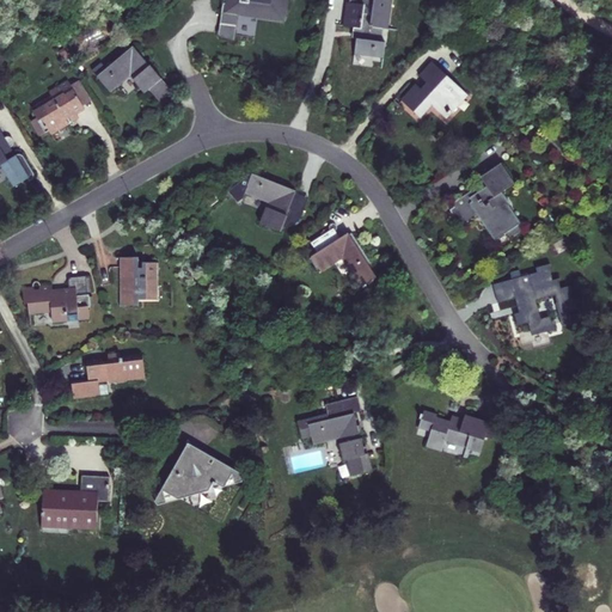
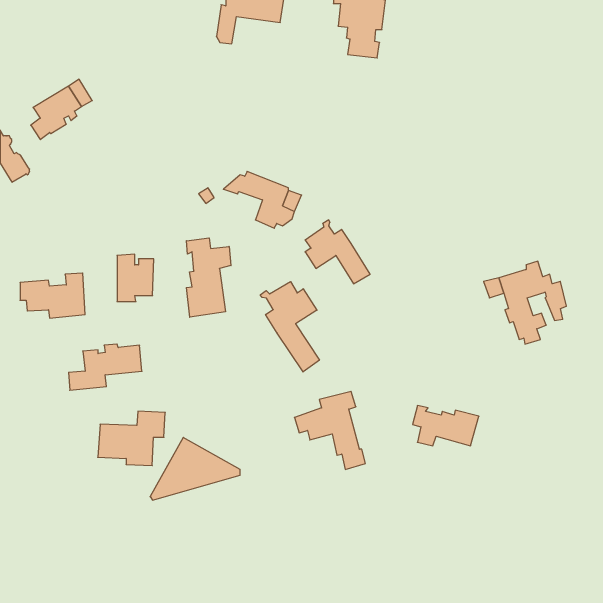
building: [97,47,171,100] -> none
building: [400,62,467,118] -> none
building: [448,163,521,240] -> none
building: none -> [186,238,231,317]
building: none -> [260,282,319,372]
building: [41,476,109,531] -> [98,411,165,466]

